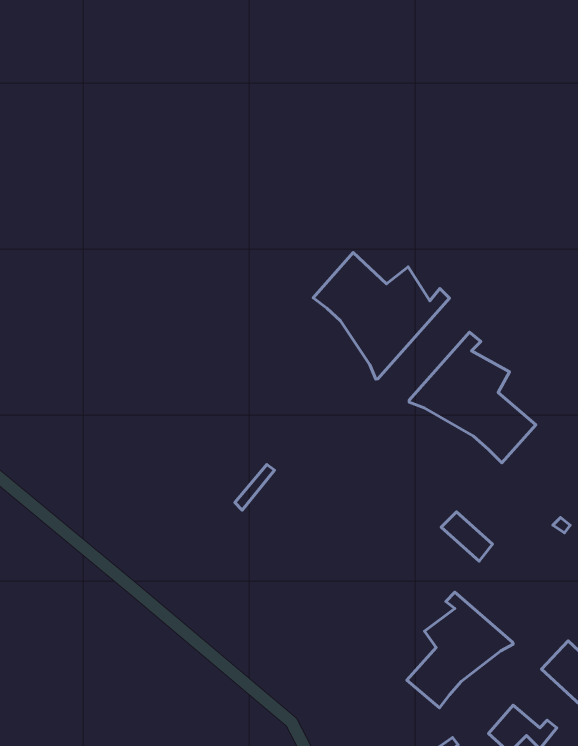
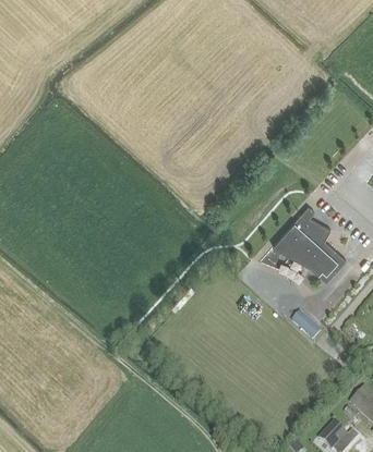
building: [313,253,449,379] -> none
building: [407,592,513,708] -> none

